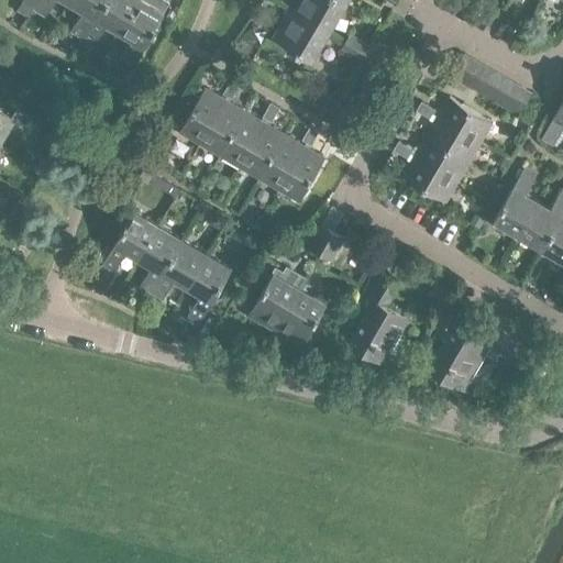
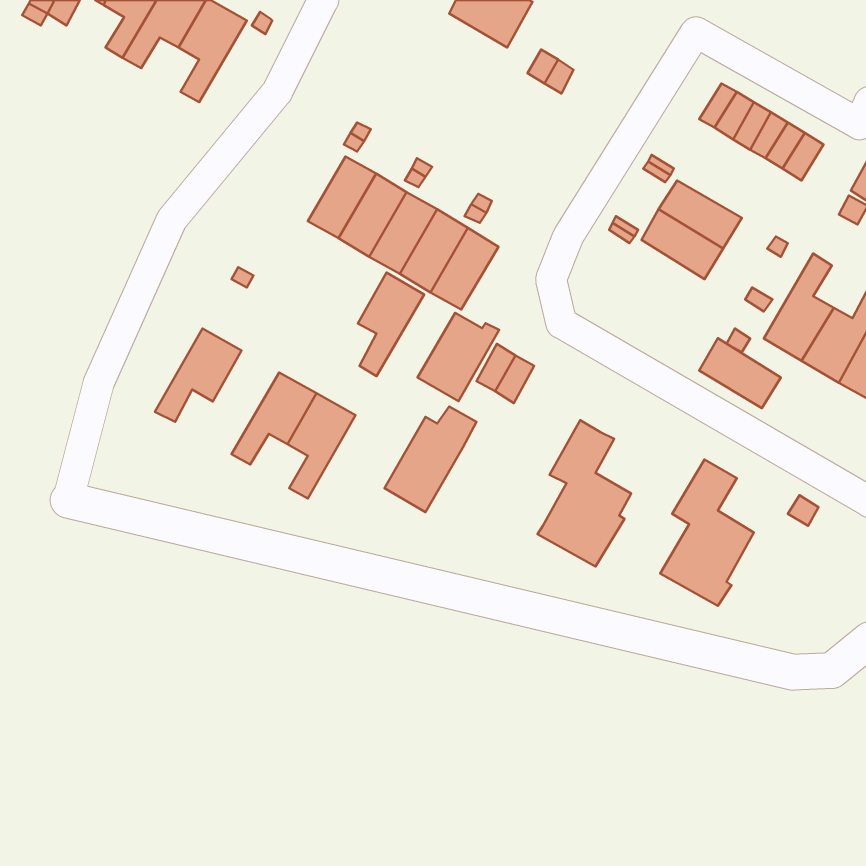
building: [275,11,330,63] -> none
building: [181,91,225,145] -> none
building: [440,98,494,143] -> none
building: [405,157,457,202] -> [699,338,781,408]
building: [140,229,183,296] -> [358,272,424,376]
building: [277,291,330,349] -> [418,313,499,401]

